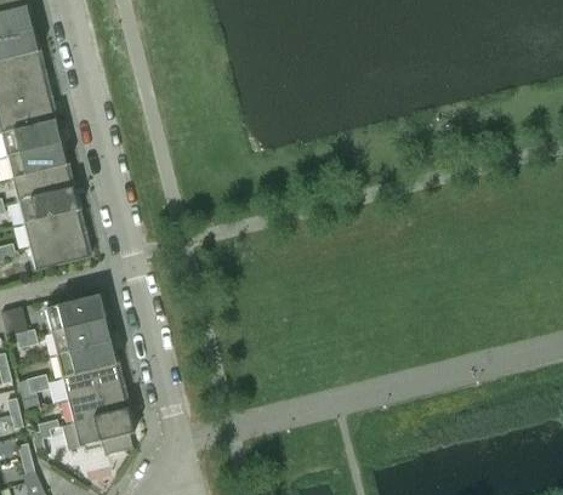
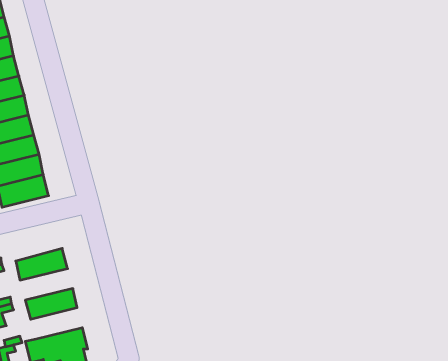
building: [45,294,104,331] -> none
building: [56,340,116,376] -> none
building: [68,385,127,421] -> none

